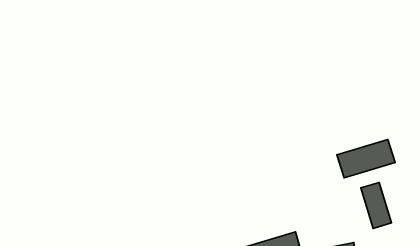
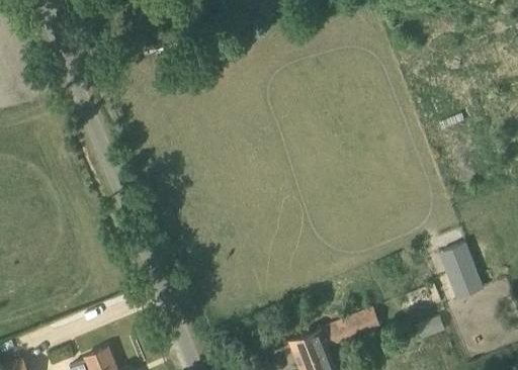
building: [337,139,395,178] -> none

